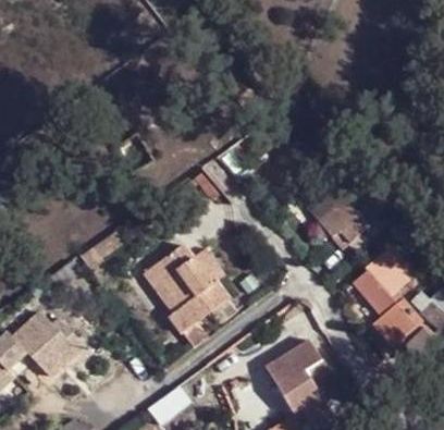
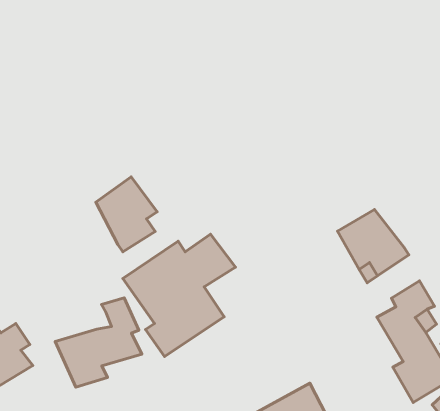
building: none -> [96,177,157,252]
building: none -> [55,298,142,387]

